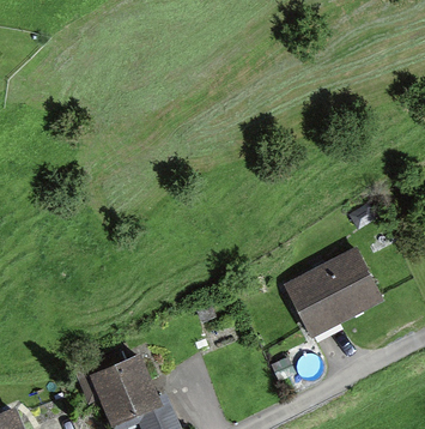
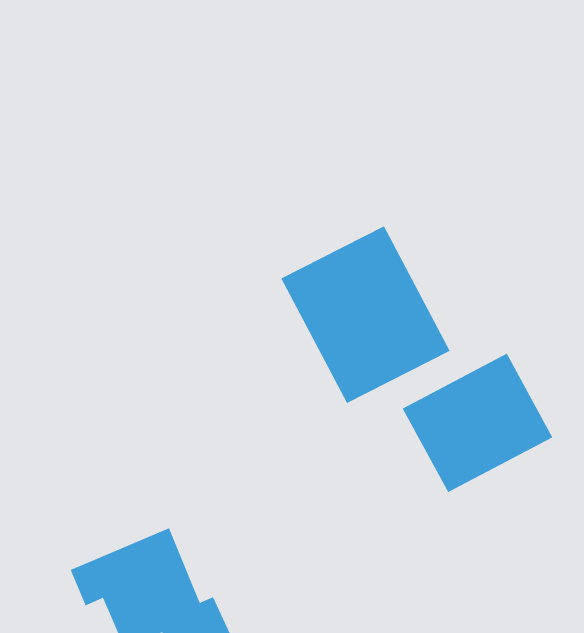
building: none -> [280,225,450,404]

